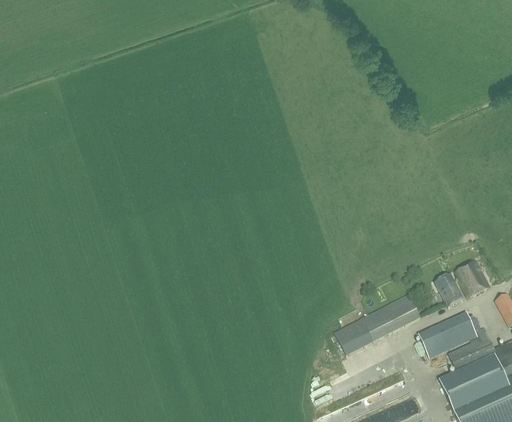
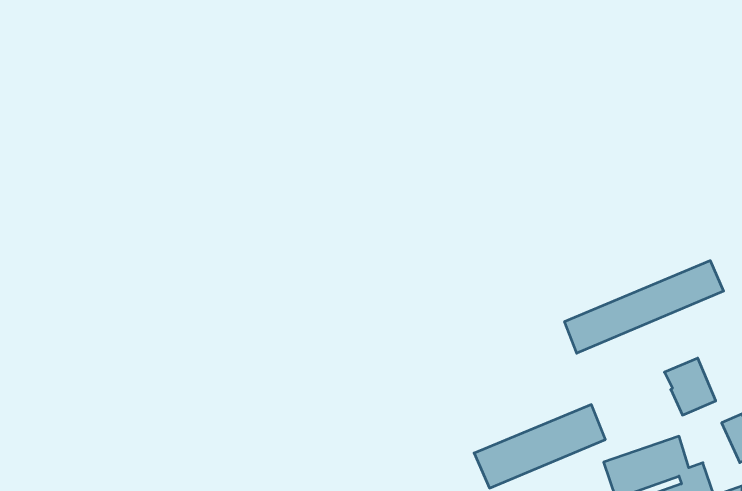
building: none -> [565,261,724,353]
building: [434,273,463,307] -> none

